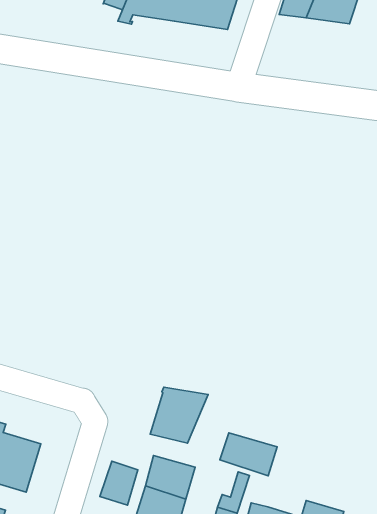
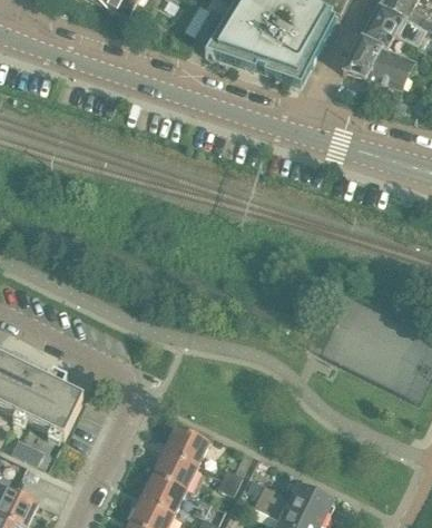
building: [150,387,208,443] -> none
building: [220,433,277,476] -> none
building: [100,461,138,505] -> none

